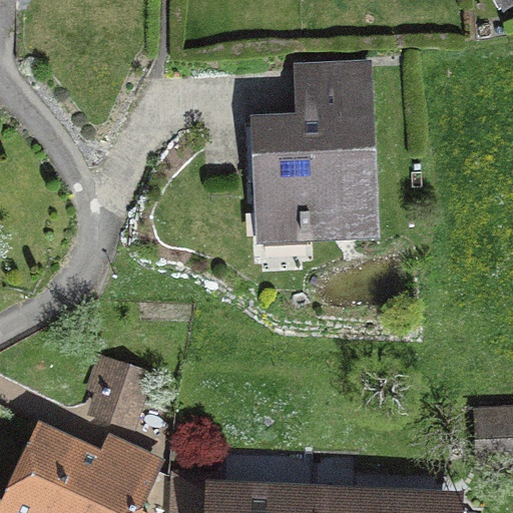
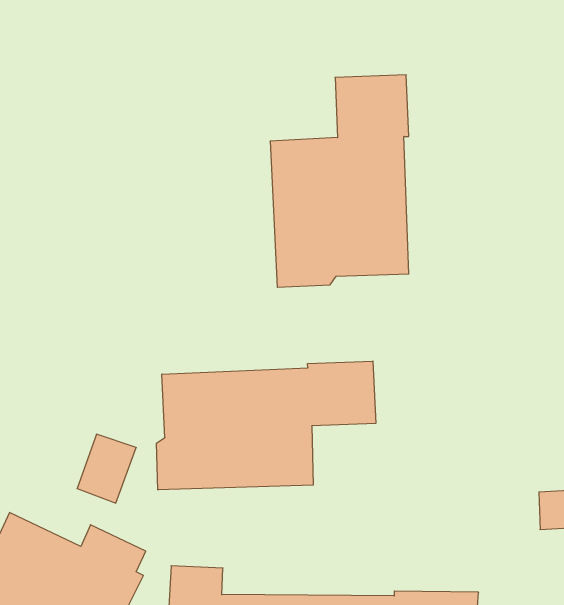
building: none -> [156,361,376,490]

